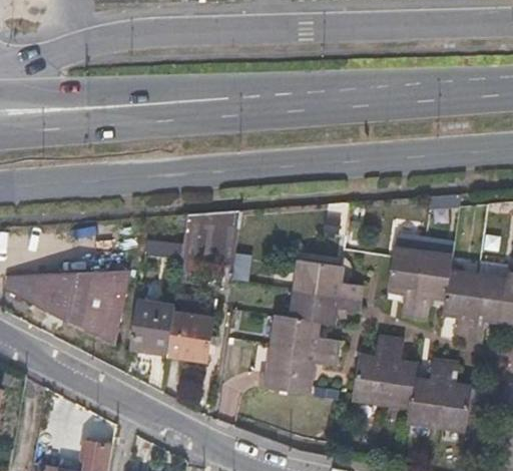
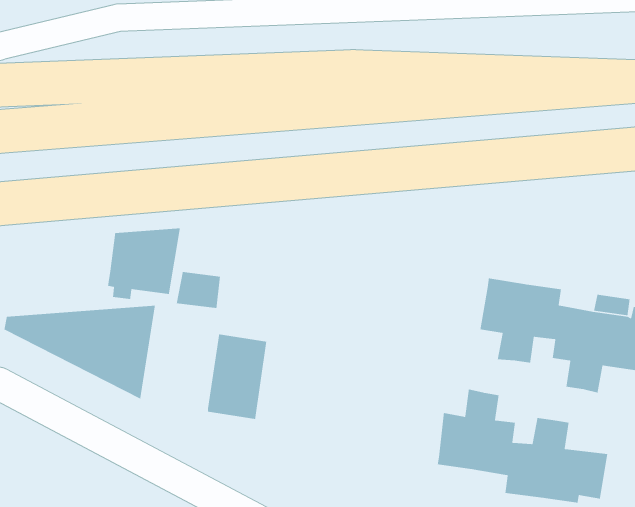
building: [181,209,240,268] -> [107,227,181,300]
building: [258,259,358,395] -> none
building: [130,300,174,352] -> none

